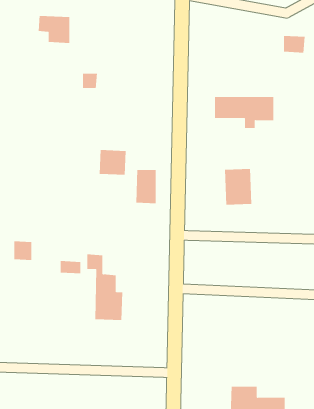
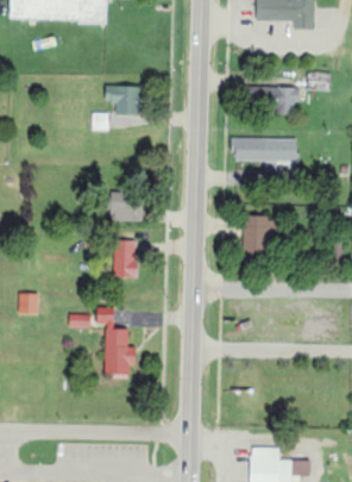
building: [38,16,70,43] -> [105,86,139,115]
building: none -> [250,87,298,114]
building: [135,170,156,204] -> [114,242,137,278]

